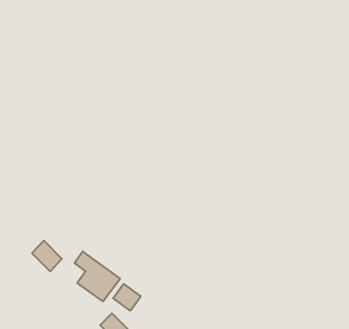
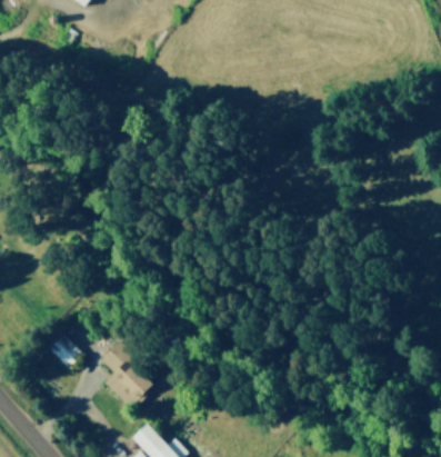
building: [113,284,141,311] -> none

